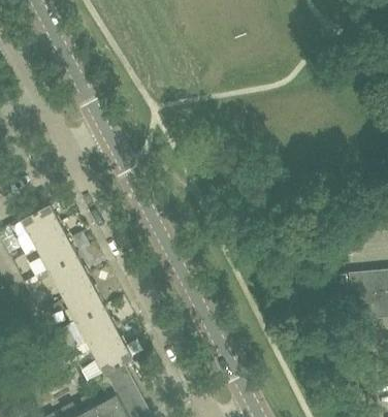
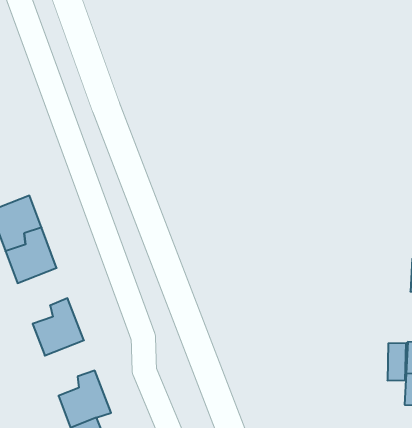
building: [47,254,87,298] -> none
building: [75,306,115,350] -> none

